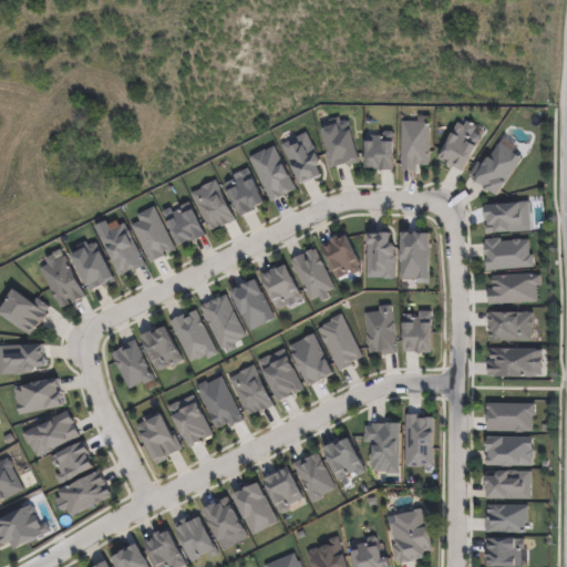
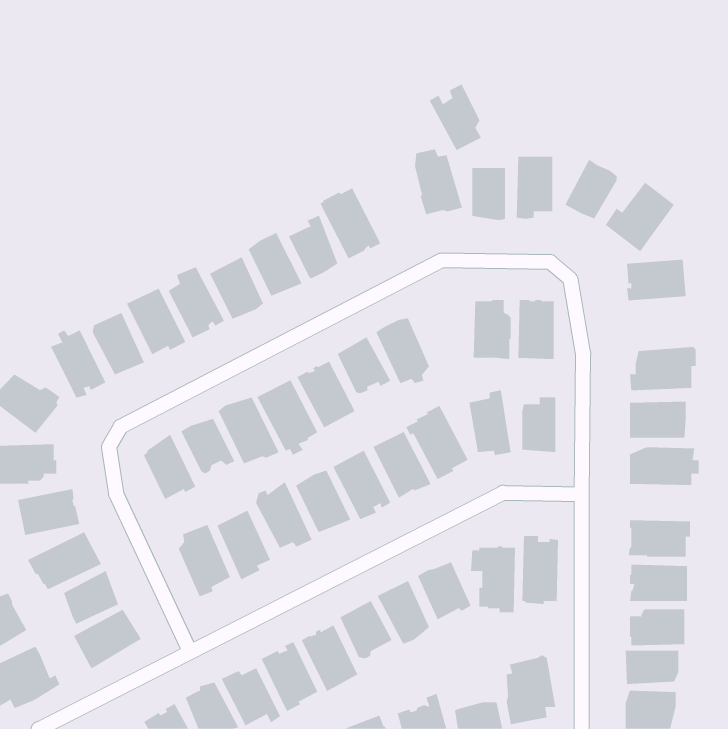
building: [279,131,320,183] -> [429,83,482,151]
building: [321,229,361,275] -> none
building: [483,237,534,270] -> none

